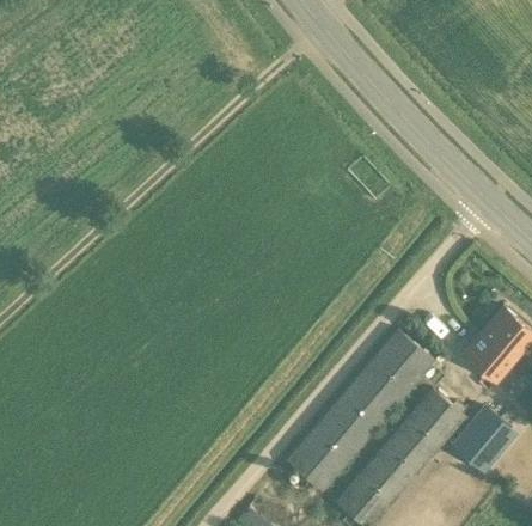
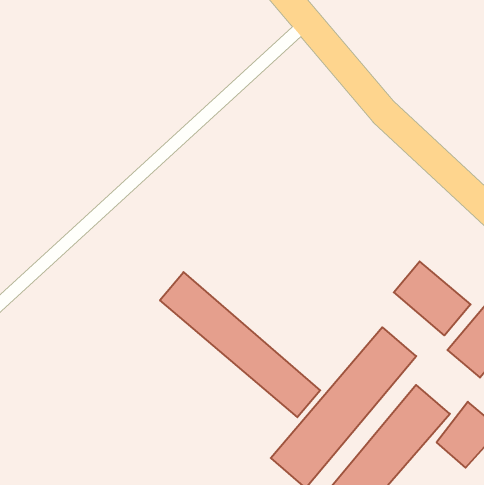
building: none -> [394,261,471,335]
building: none -> [160,272,320,417]

